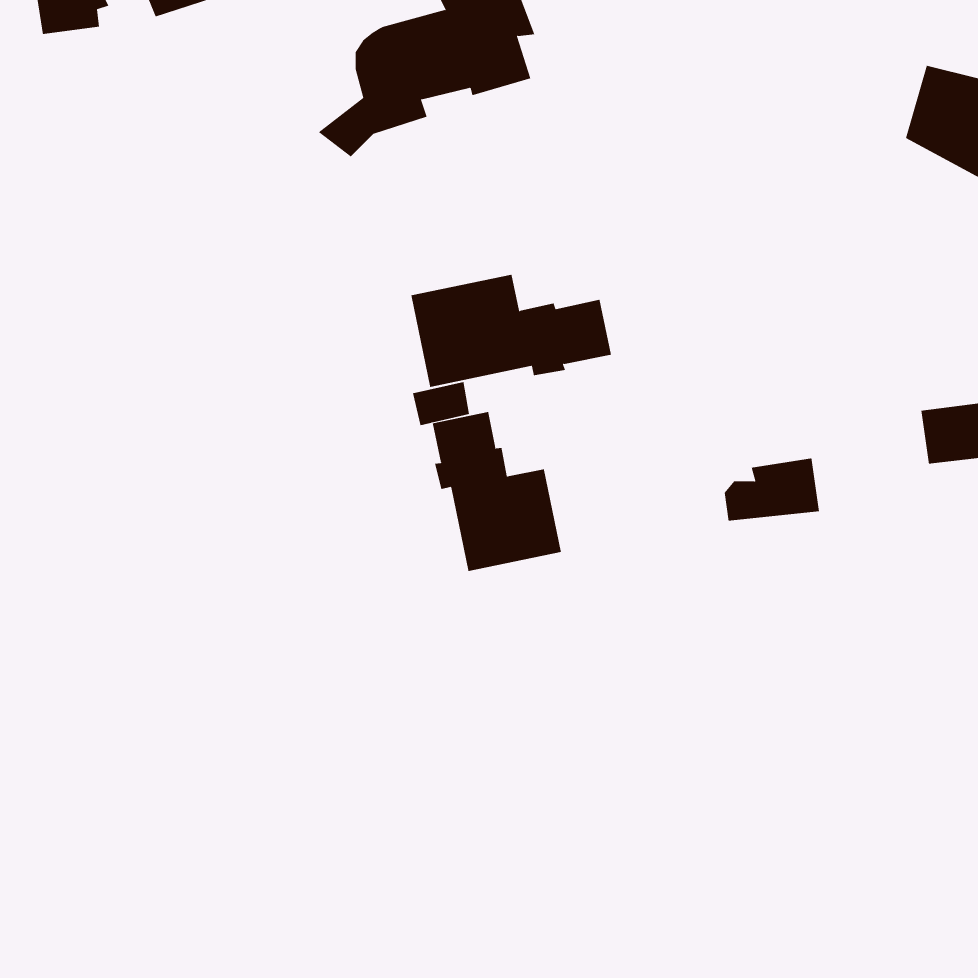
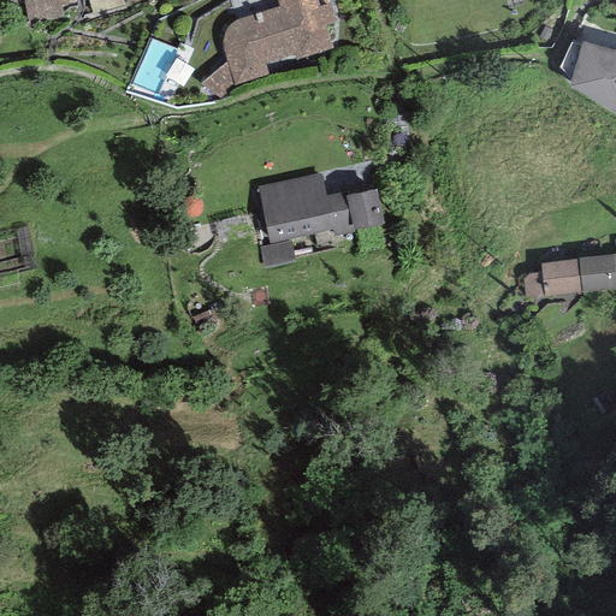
building: [432,411,562,572] -> none
building: [724,458,820,521] -> [523,257,584,297]

